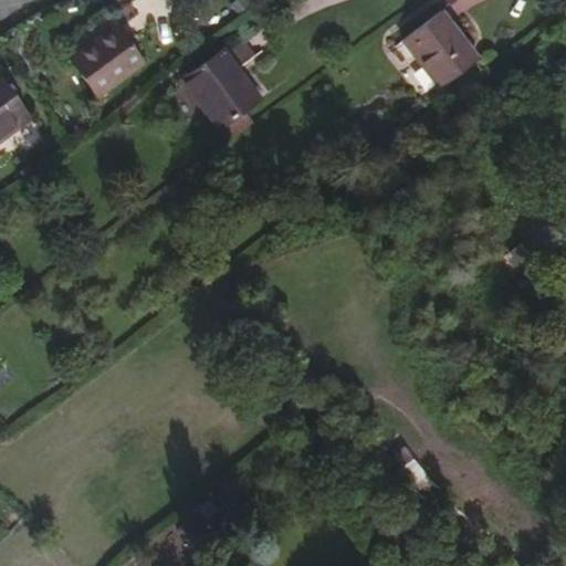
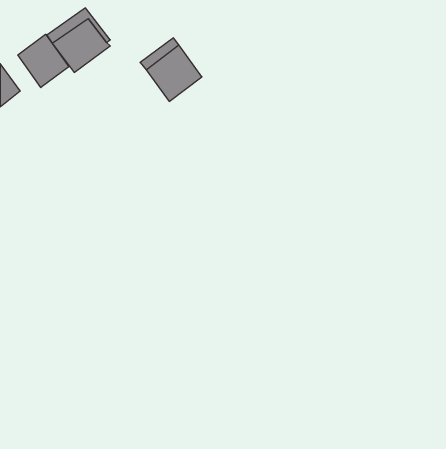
building: [407,15,482,93] -> none
building: none -> [18,34,69,88]

